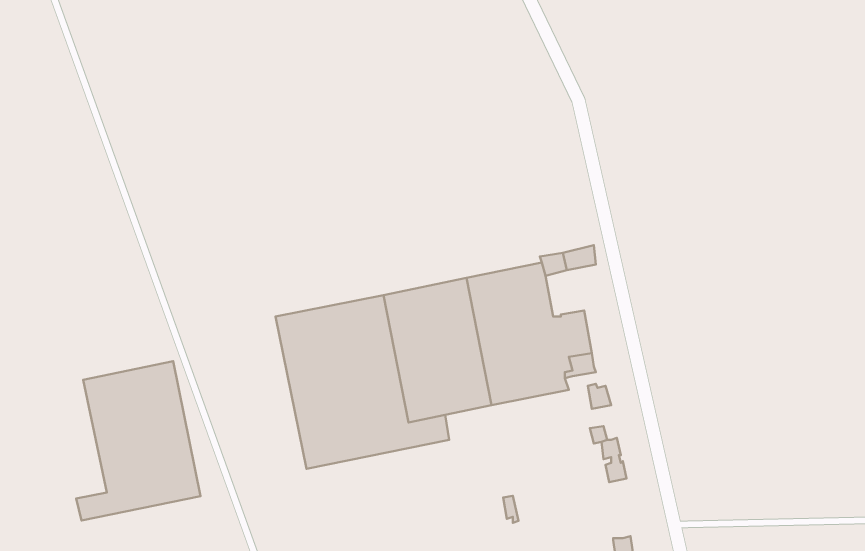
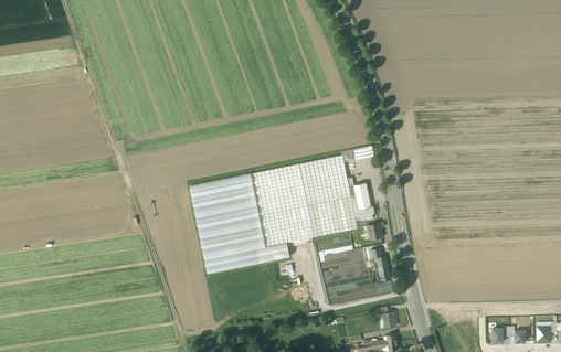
building: [76,361,200,520] -> none

